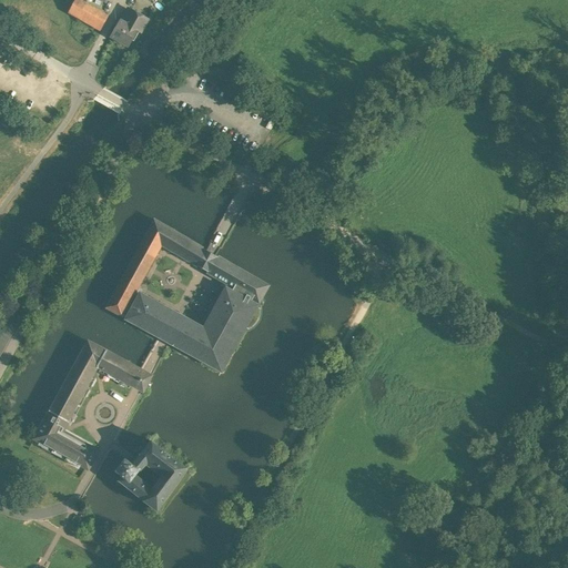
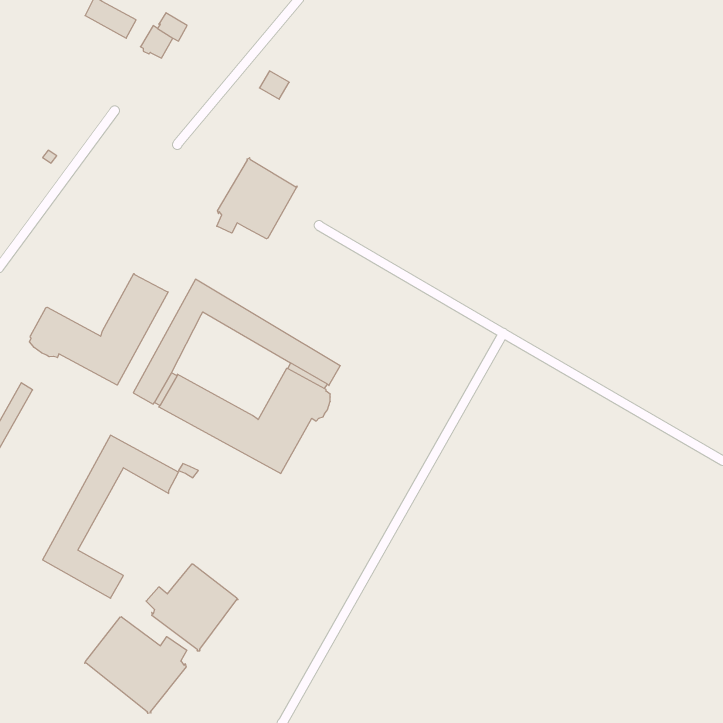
building: none -> [217,158,297,239]
building: none -> [30,274,168,385]
building: none -> [85,617,187,713]

